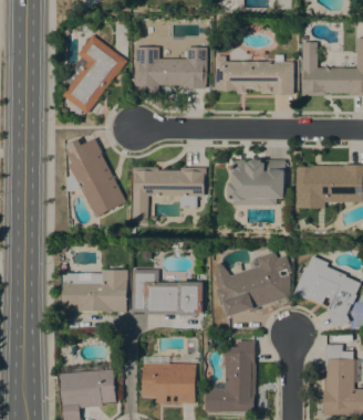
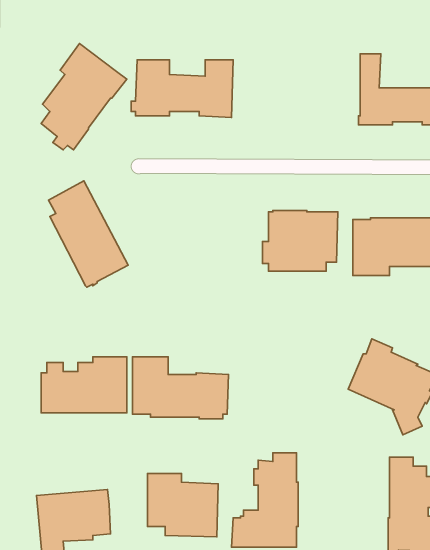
building: [216,54,293,94] -> none
building: [134,167,207,221] -> none
building: [212,251,290,316] -> none

